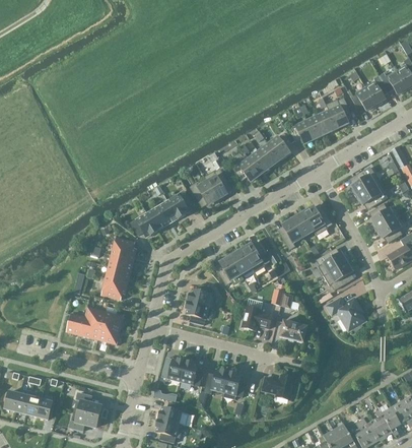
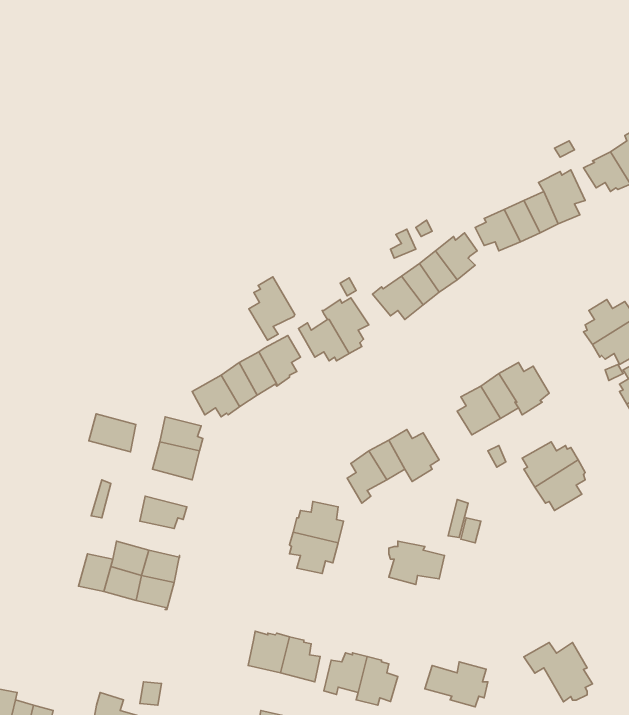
building: none -> [249,277,295,340]
building: [104,266,130,287] -> [89,414,136,452]
building: [326,298,364,331] -> [524,642,592,702]
building: [279,318,306,342] -> none

